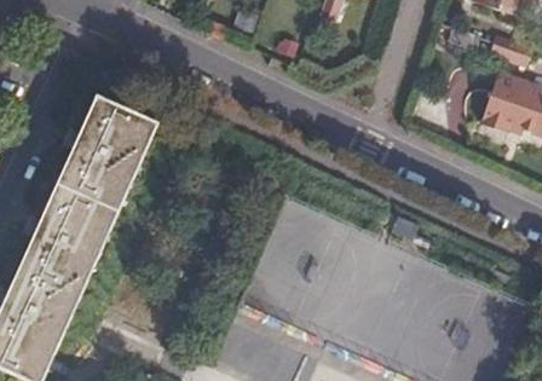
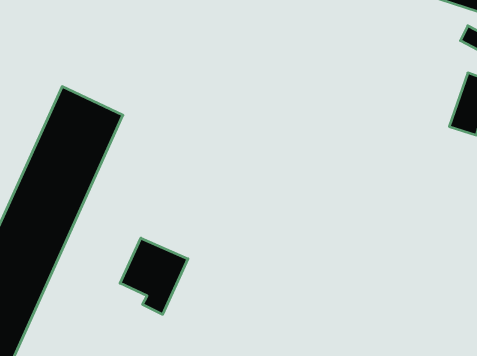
building: none -> [120,238,188,314]

